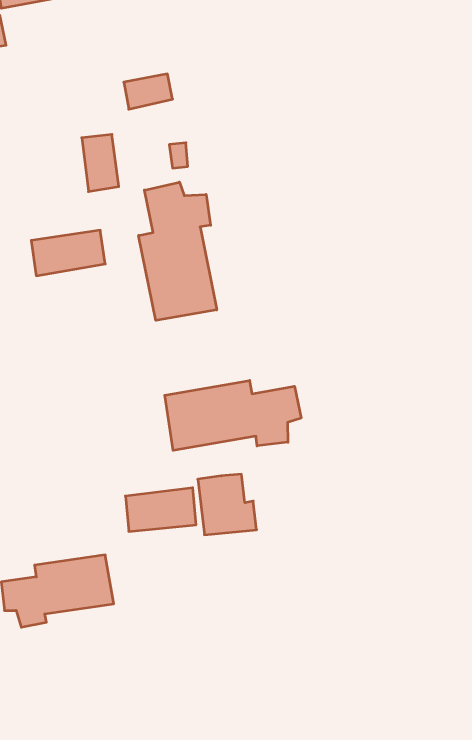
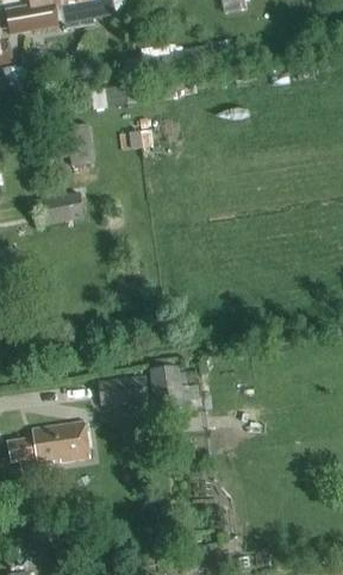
building: [139,182,217,320] -> none
building: [165,380,301,450] -> none

